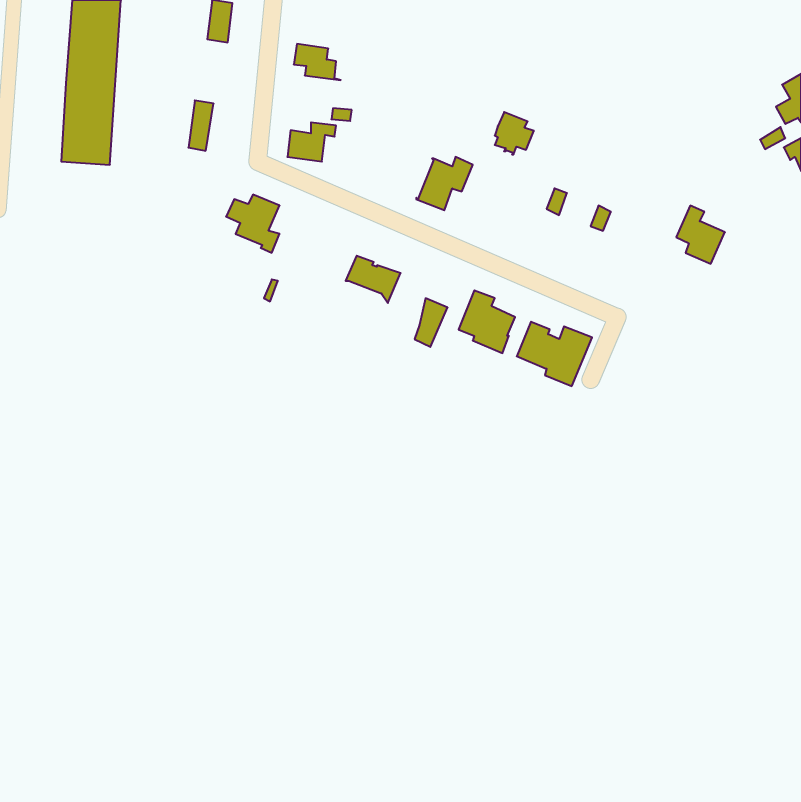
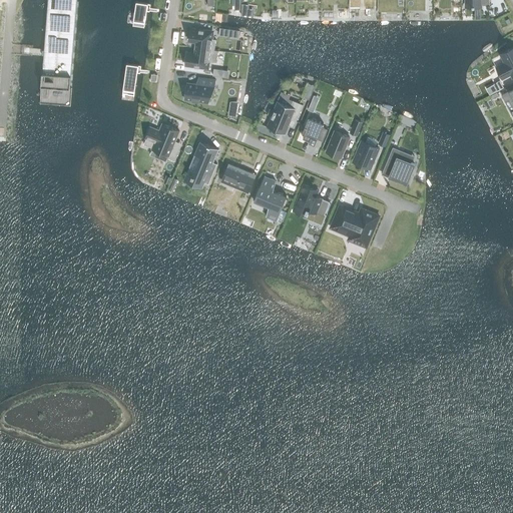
building: none -> [184,48,217,68]
building: [495,112,534,154] -> [302,117,327,144]
building: none -> [325,131,349,158]
building: [676,206,725,264] -> [383,147,414,184]
building: none -> [190,141,217,184]
building: none -> [352,142,377,167]
building: none -> [252,176,275,207]

